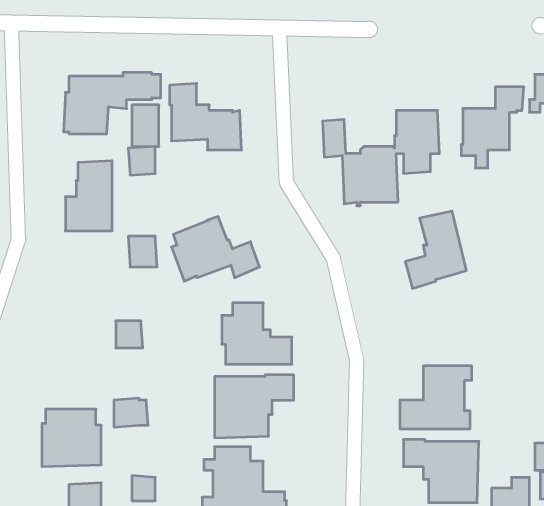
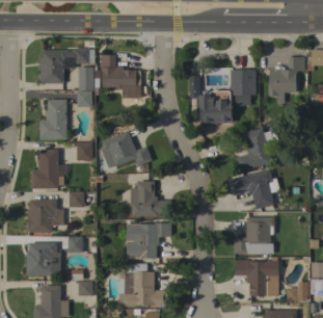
building: none -> [31,149,58,188]
building: none -> [233,168,279,209]
building: none -> [27,200,63,233]

